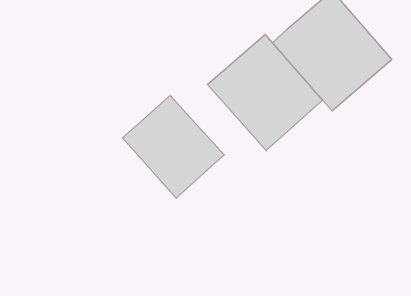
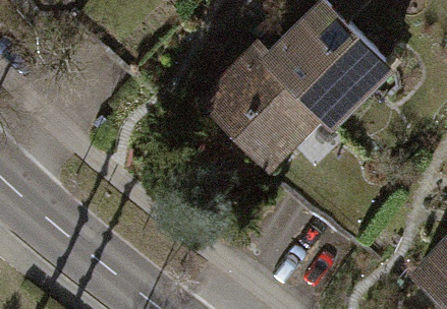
building: [123,95,224,198] -> none

